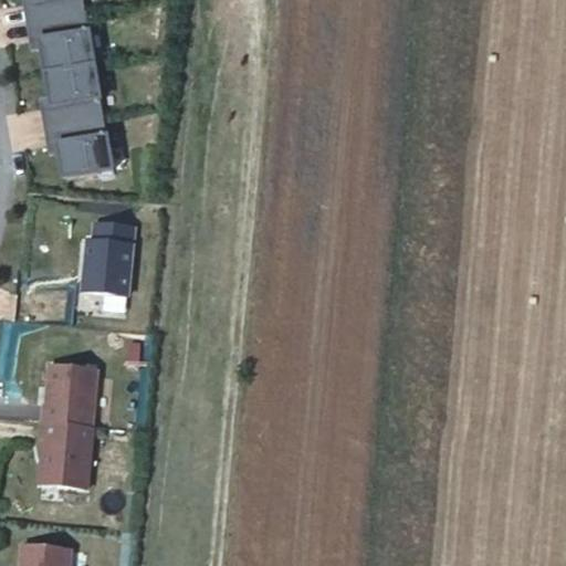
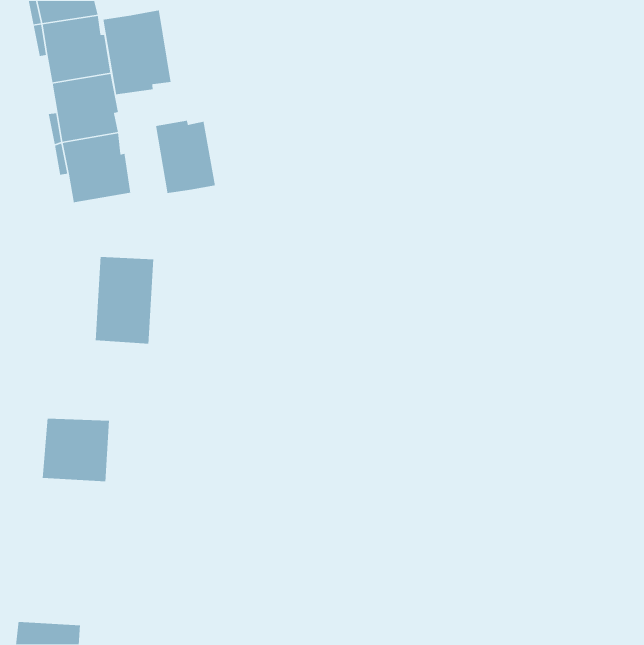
building: none -> [102,10,171,95]
building: none -> [155,120,216,194]
building: [31,419,93,490] -> none

